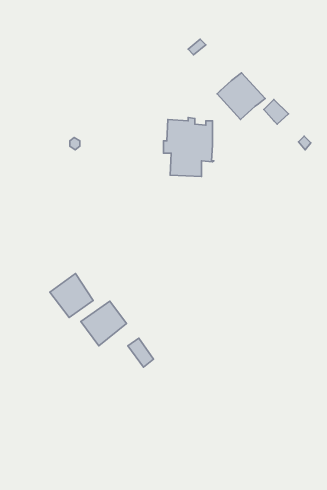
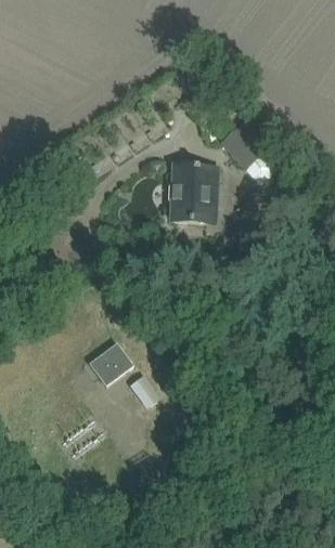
building: [50,274,93,317] -> none

